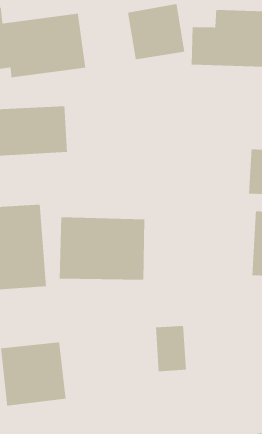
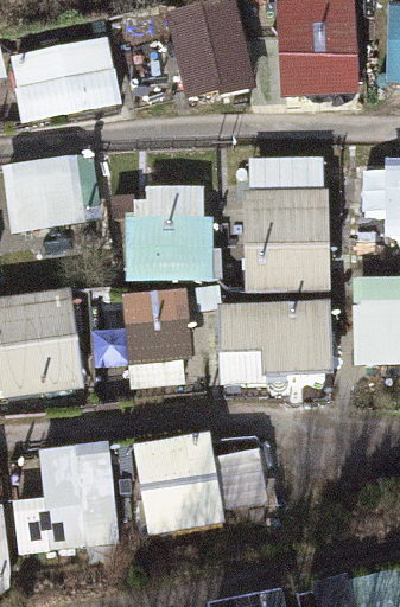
building: none -> [126,190,211,276]
building: none -> [243,186,328,292]
building: none -> [217,305,328,379]
building: none -> [141,452,218,535]

